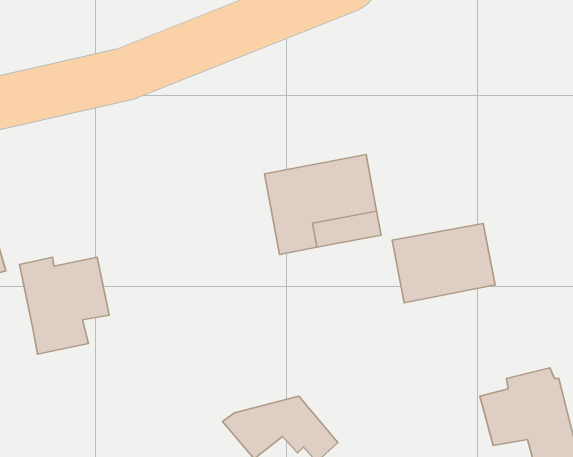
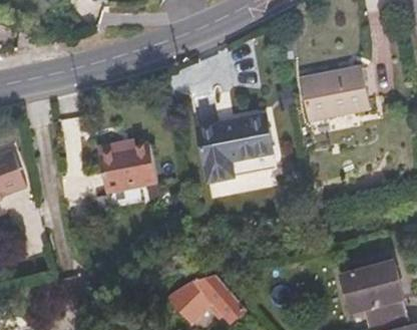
building: [392,224,495,303] -> [300,66,369,119]
building: [20,257,109,354] -> [96,142,156,208]

